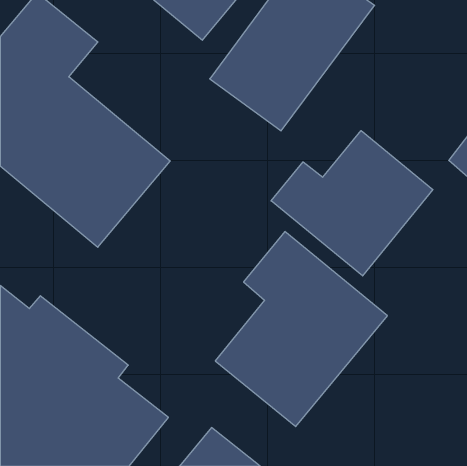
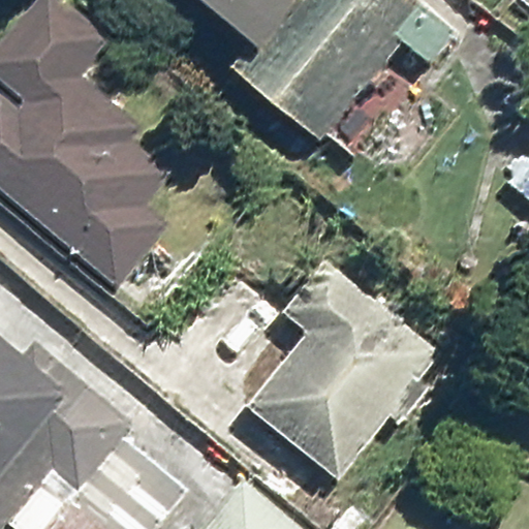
building: [271,131,433,276] -> none

